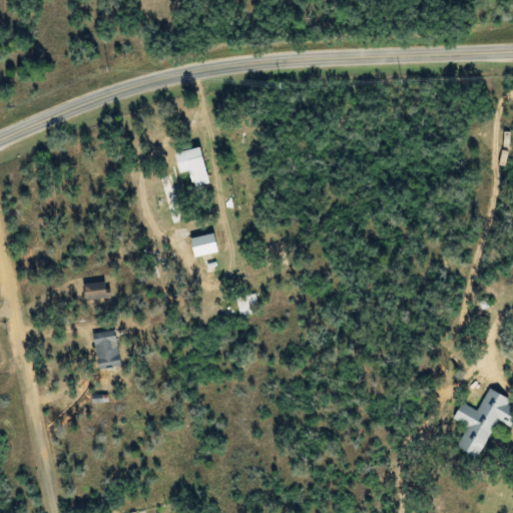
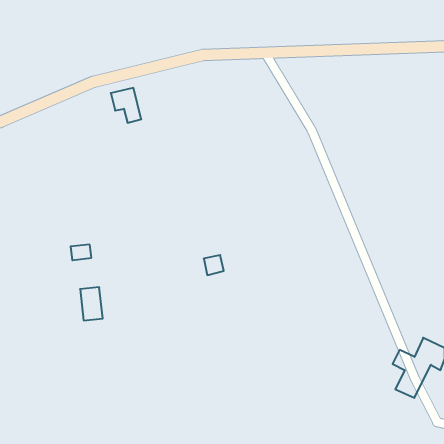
building: [173,146,208,186] -> [111,88,141,123]
building: [190,233,216,255] -> none

